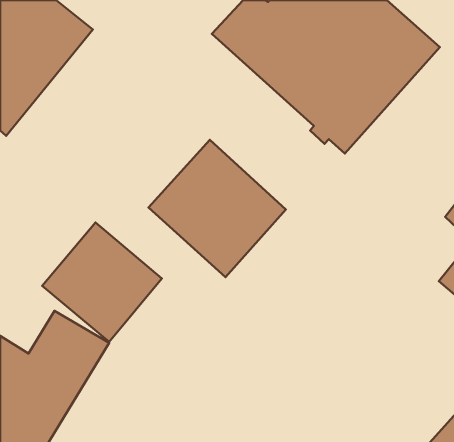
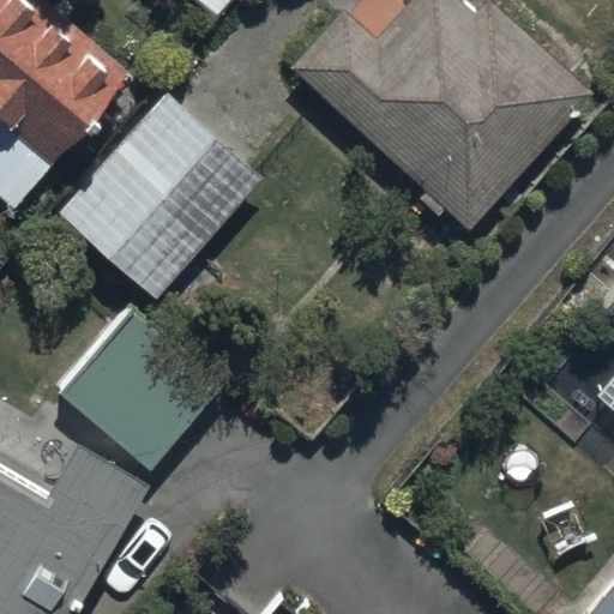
building: none -> [56,89,263,297]
building: [148,140,286,277] -> none

